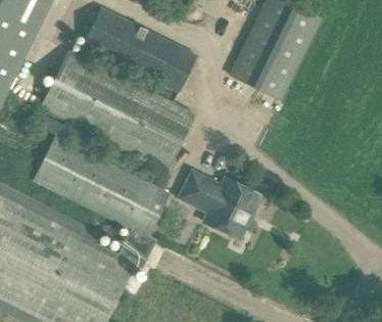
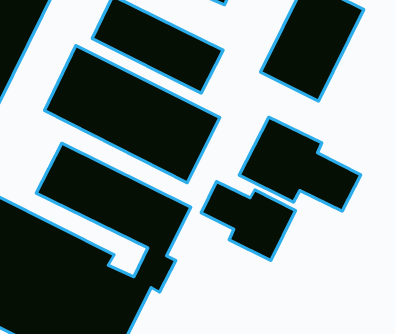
building: none -> [239,117,361,211]

